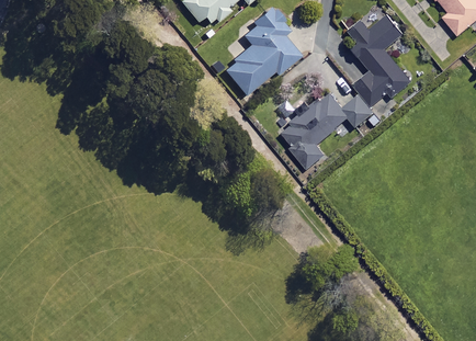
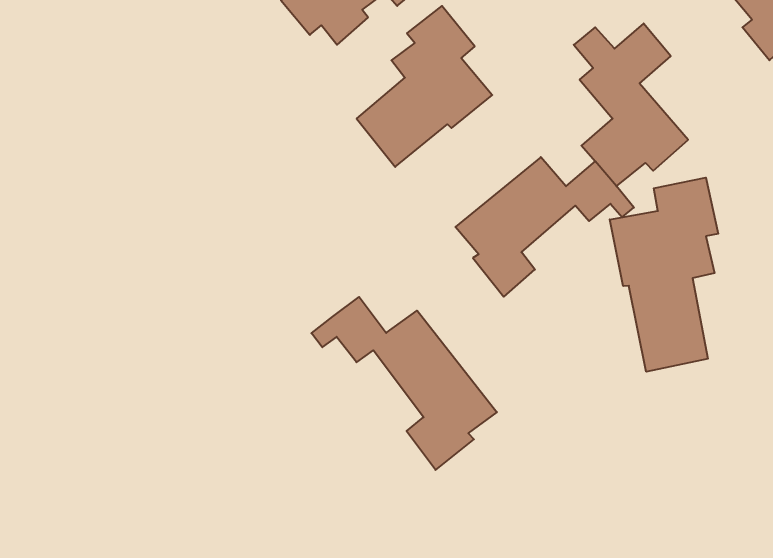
building: none -> [610,178,718,372]
building: none -> [311,297,497,470]

